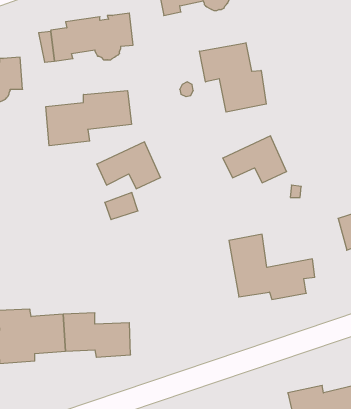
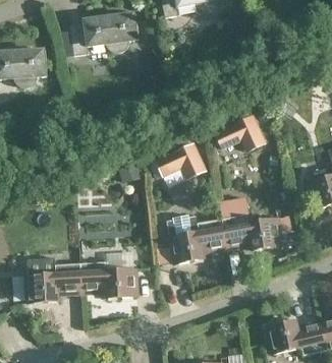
building: [199,43,266,112] -> none
building: [46,91,131,146] -> none
building: [97,142,161,189] -> [153,141,206,180]
building: none -> [167,214,226,262]

